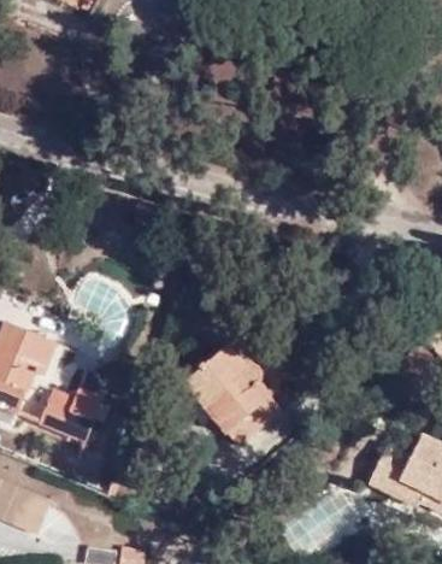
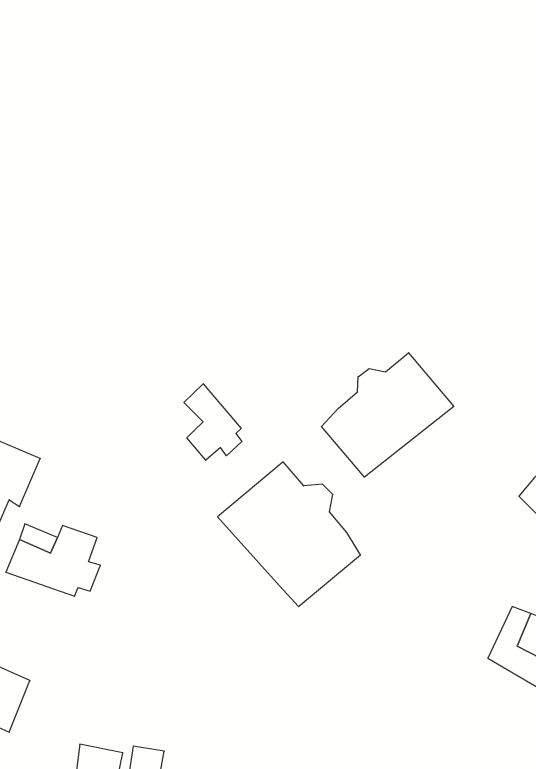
building: none -> [321,353,454,477]
building: none -> [184,384,242,460]

